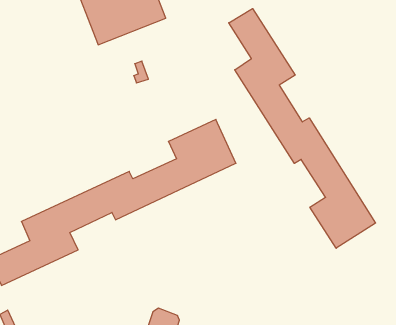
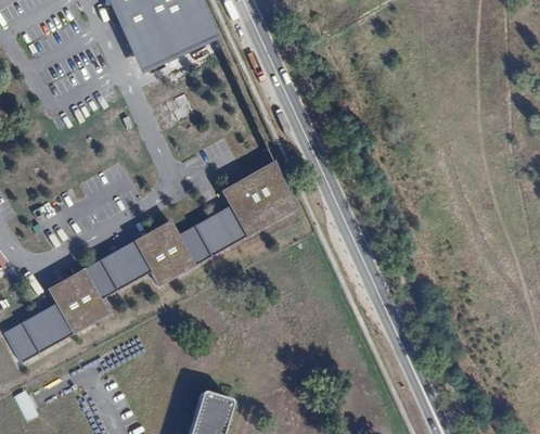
building: [229,9,376,248] -> none

